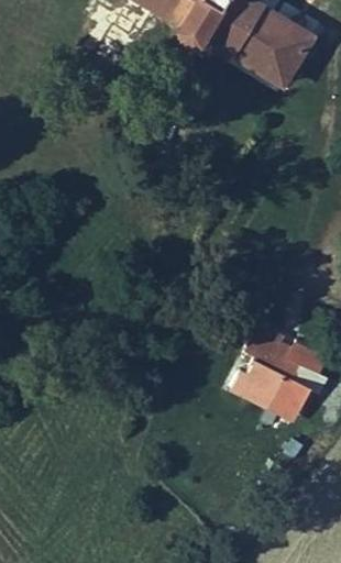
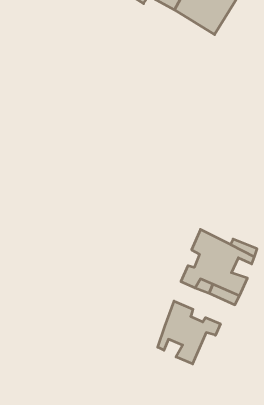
building: none -> [158,301,220,364]

